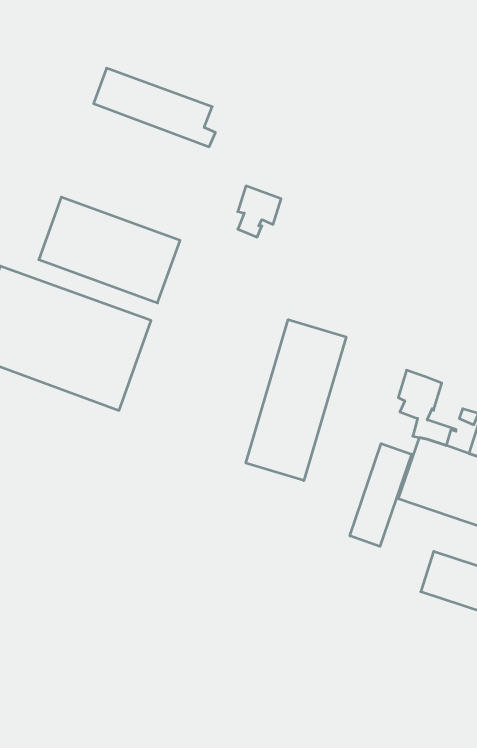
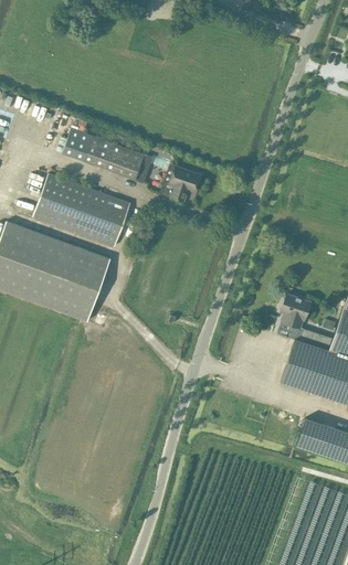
building: [94,68,215,147] -> [63,129,147,183]
building: [246,320,346,481] -> none
building: [350,444,411,546] -> none

